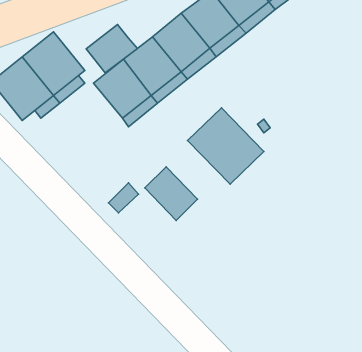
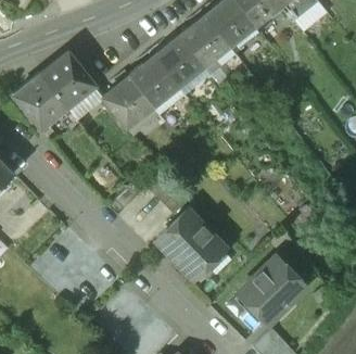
building: [86,24,137,73] -> none
building: [188,108,264,184] -> [157,212,224,278]
building: none -> [239,257,305,324]

